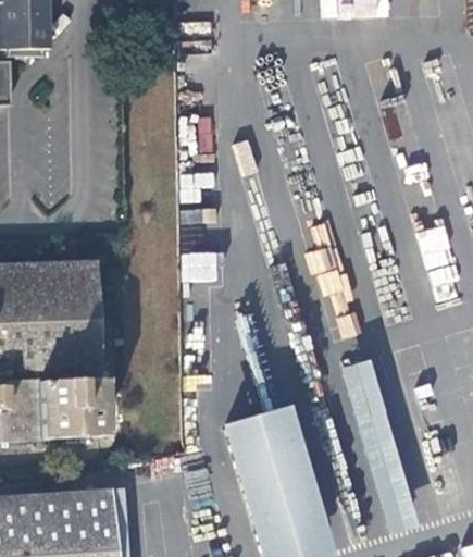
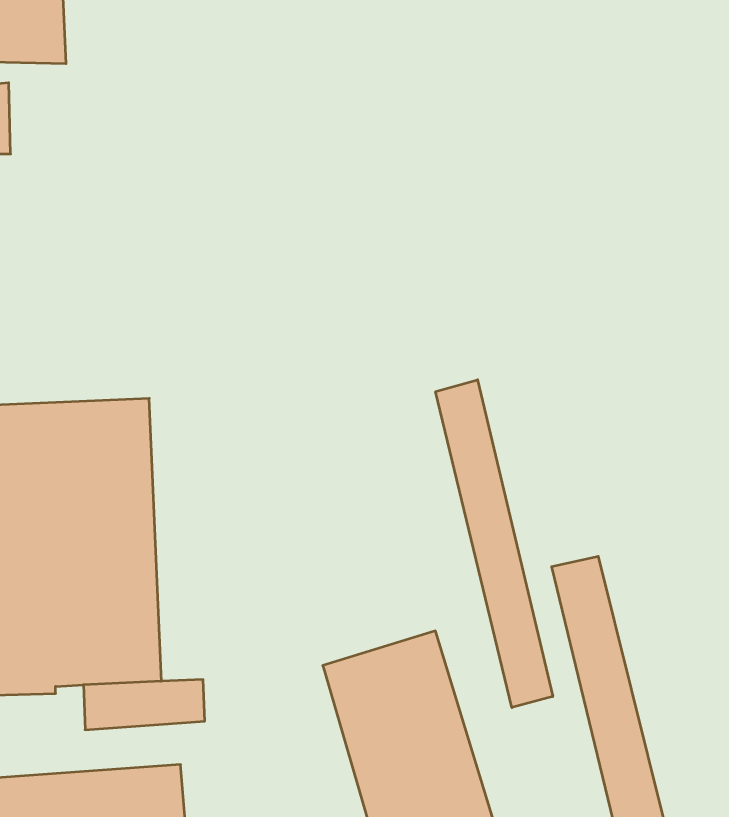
building: none -> [436,380,553,708]

